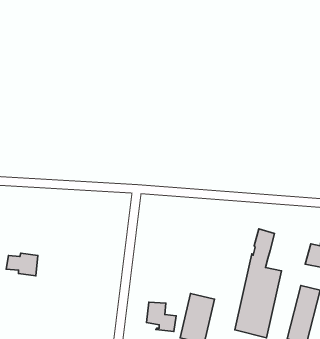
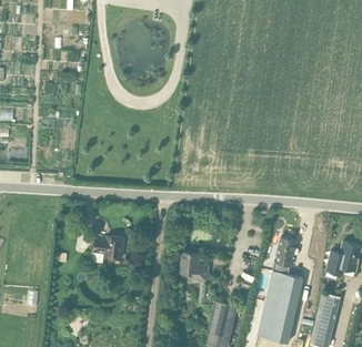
building: [6,253,38,276] -> [93,236,124,258]
building: [147,302,176,332] -> [180,253,209,282]

